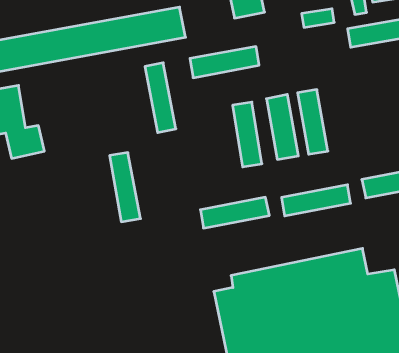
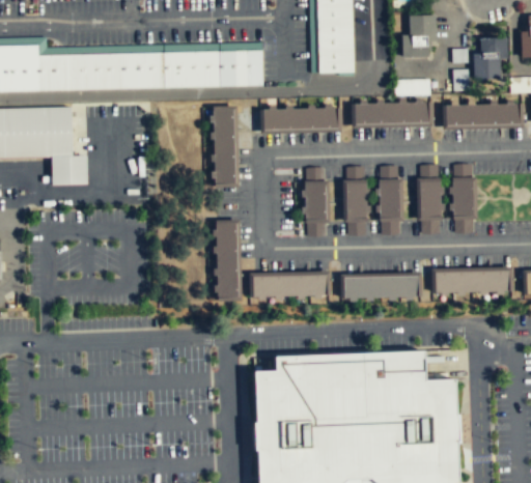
building: none -> [353,102,427,124]
building: none -> [451,163,474,233]
building: none -> [417,165,441,234]
building: [110,153,141,222] -> [218,224,241,299]

